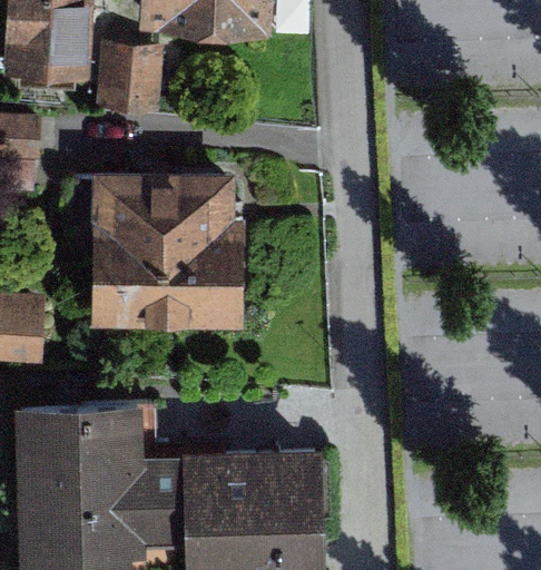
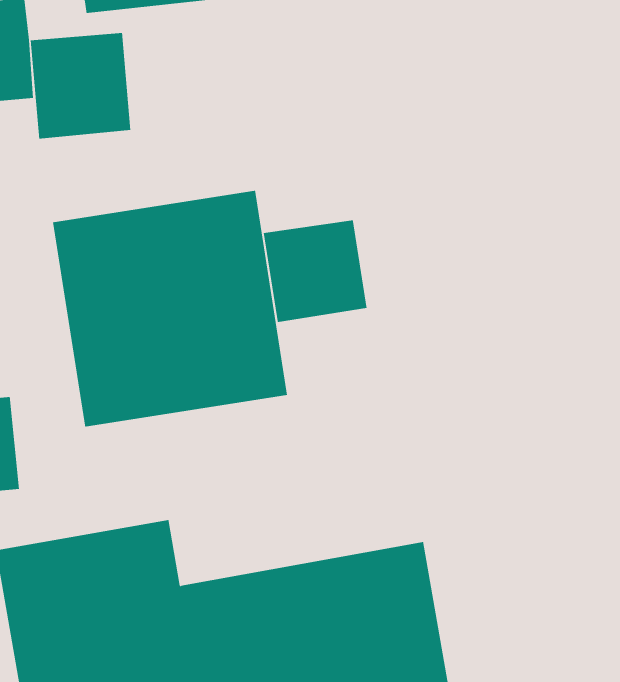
building: none -> [263,220,367,323]

